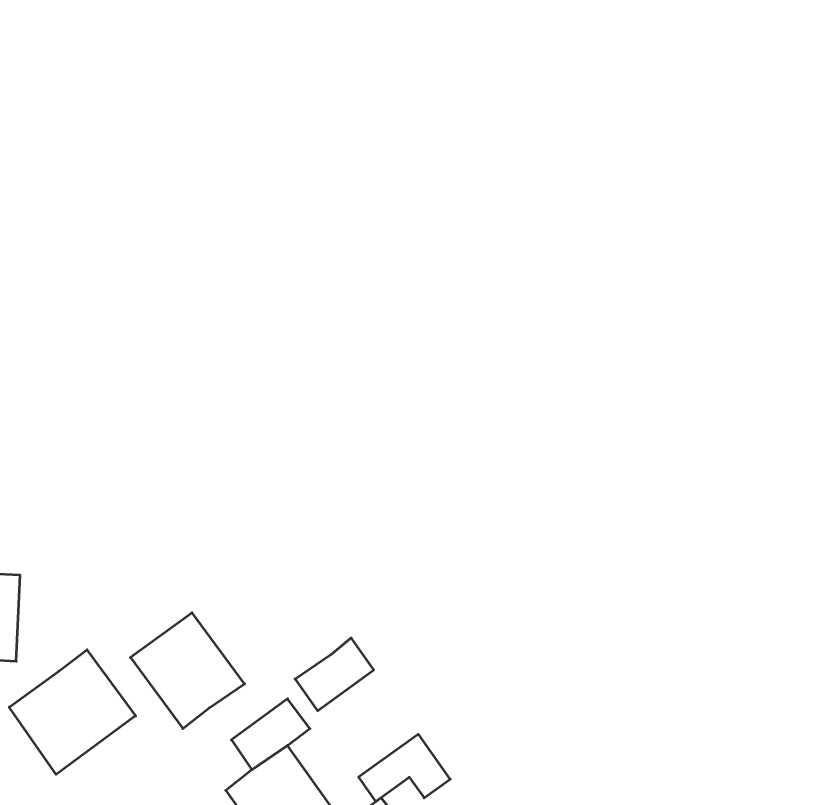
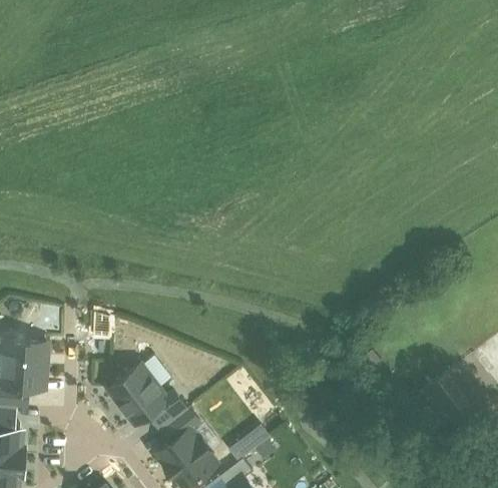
building: [295,638,374,711] -> [147,390,189,429]
building: [9,650,136,774] -> none

